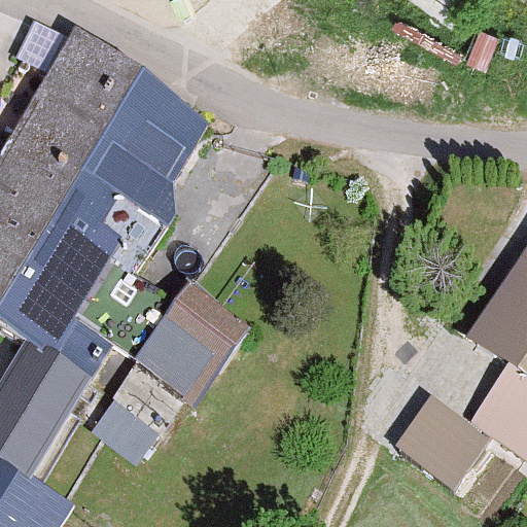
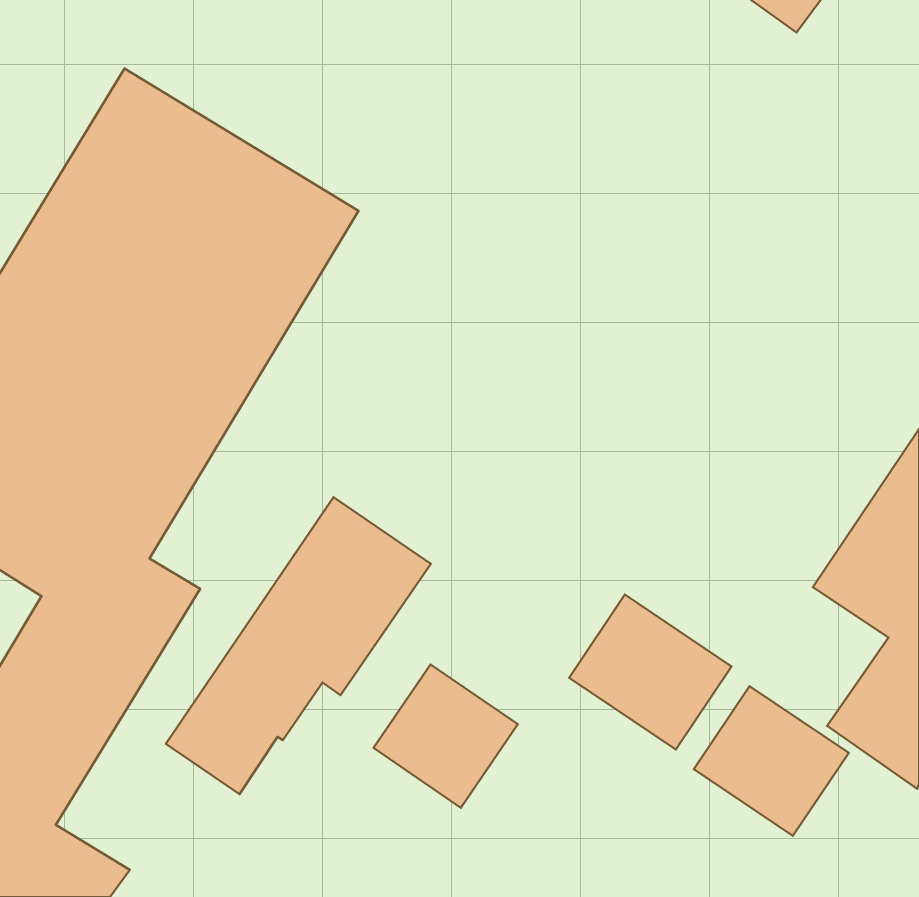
building: none -> [569,595,732,749]
building: none -> [373,665,518,808]

